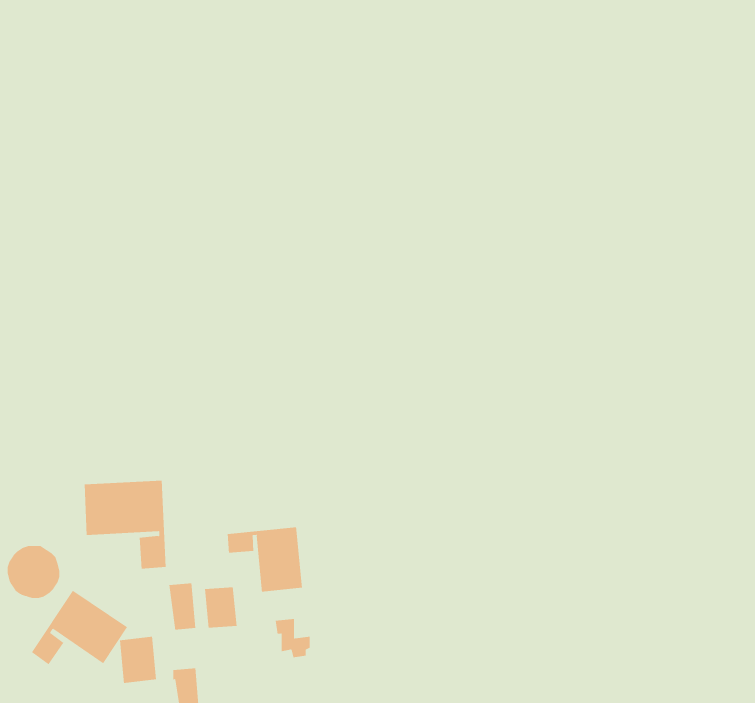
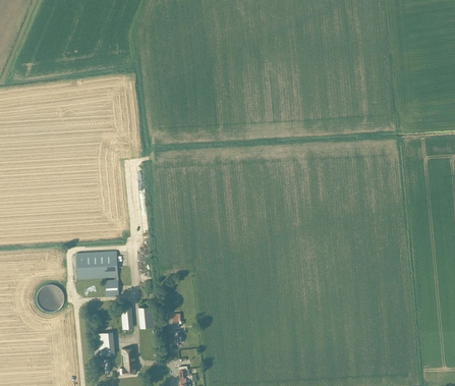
building: [227,526,302,592] -> none
building: [31,590,128,665] -> none

